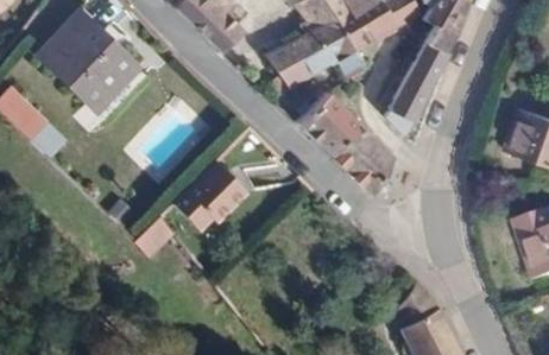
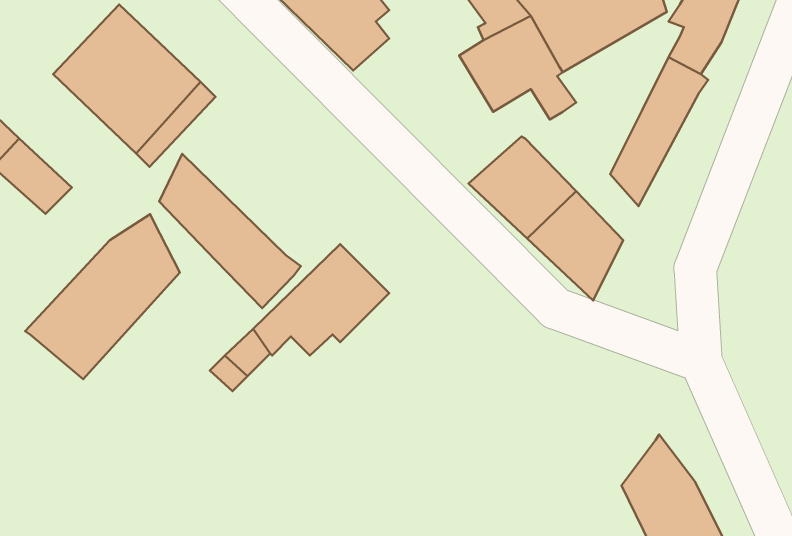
building: [266,42,313,88] -> none
building: none -> [159,154,301,308]
building: none -> [25,214,180,379]

